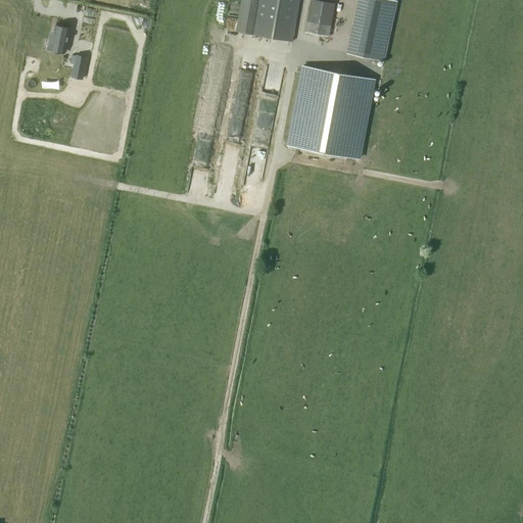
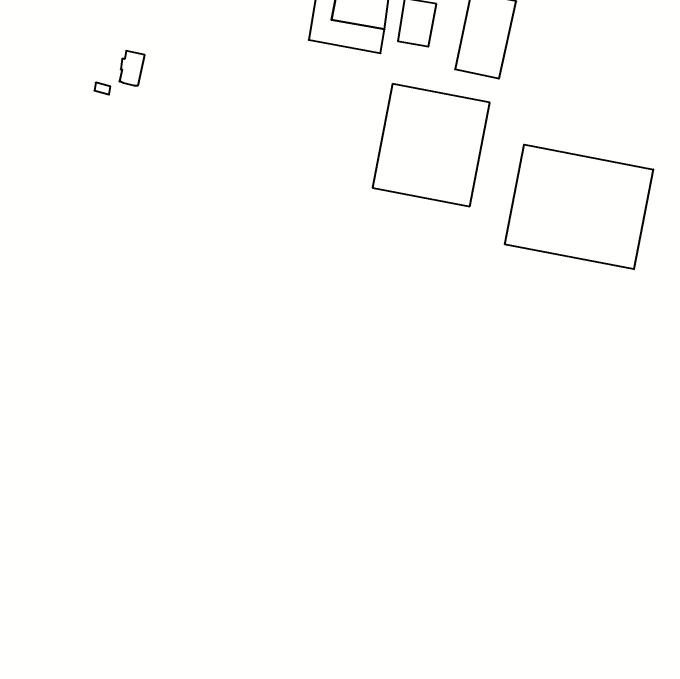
building: [50,26,69,52] -> [119,51,145,85]
building: none -> [505,145,653,269]

